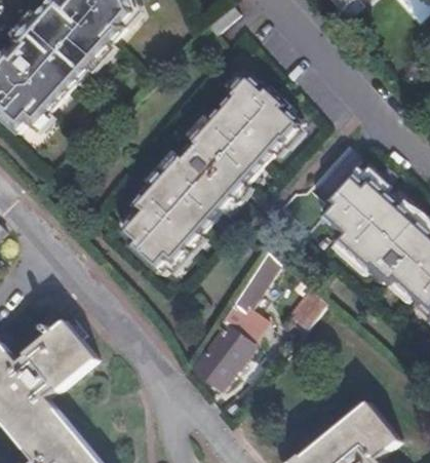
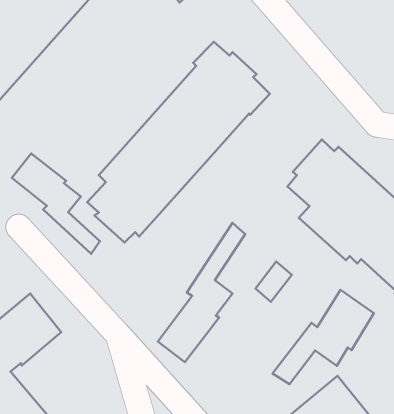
building: none -> [12,154,100,254]
building: none -> [272,290,374,384]

